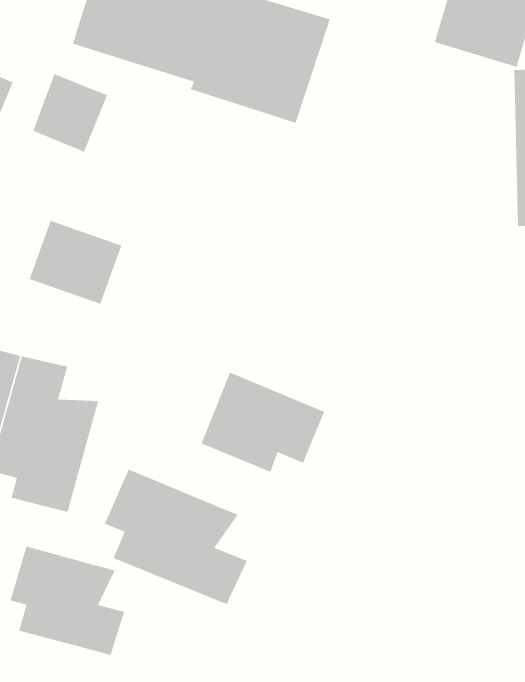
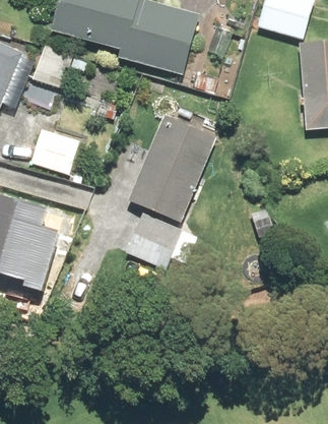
building: none -> [127,116,215,221]
building: [104,469,248,605] -> none
building: [10,546,125,656] -> none

